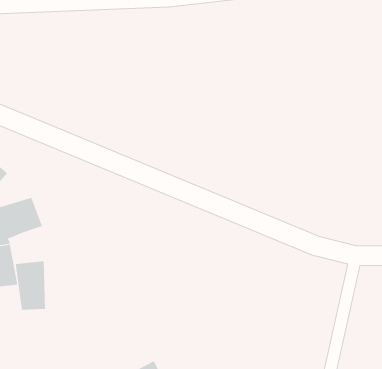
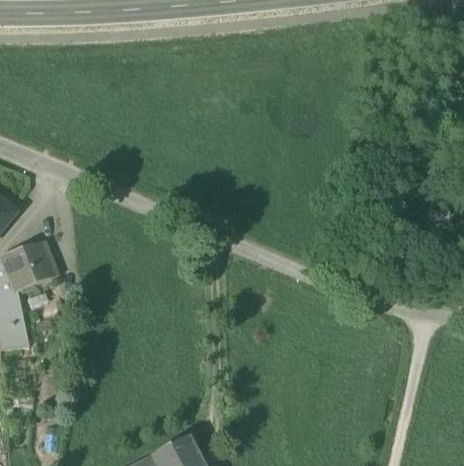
building: [15,260,46,311] -> none

